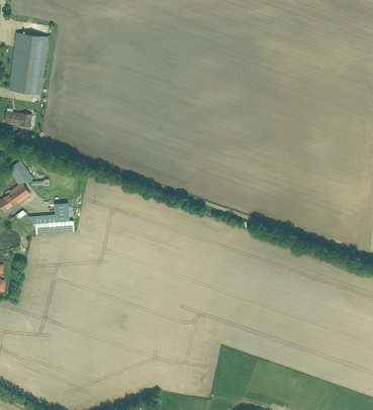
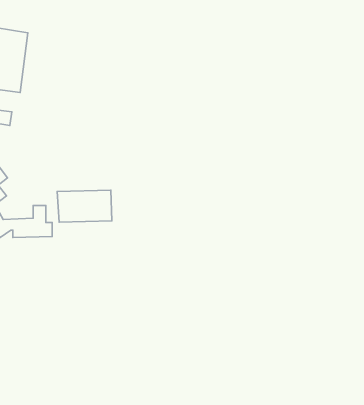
building: none -> [57,190,112,222]

